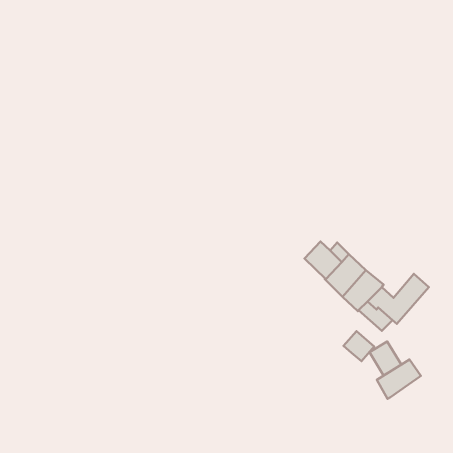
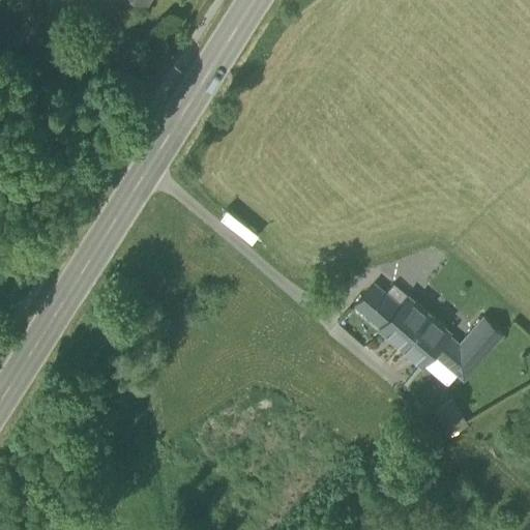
building: [344,331,374,361] -> none
building: [377,360,421,399] -> none

